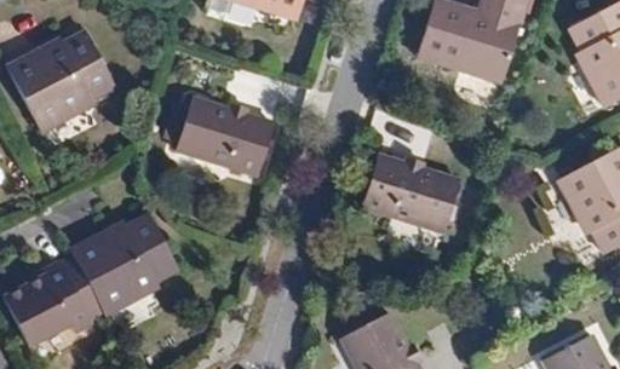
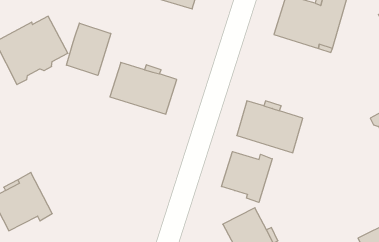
building: none -> [66,23,111,75]
building: [71,214,178,315] -> none
building: none -> [222,152,272,202]

